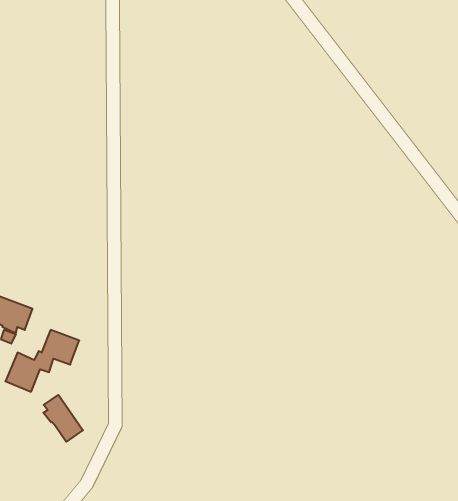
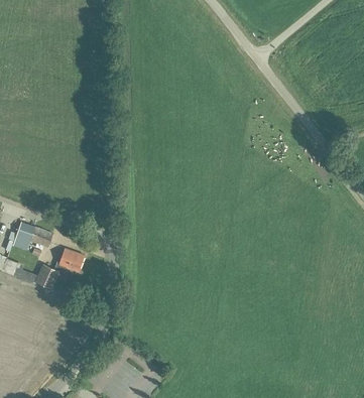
building: [43,395,83,442] -> none

